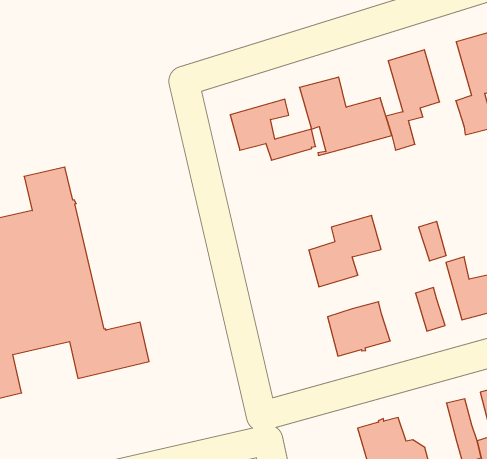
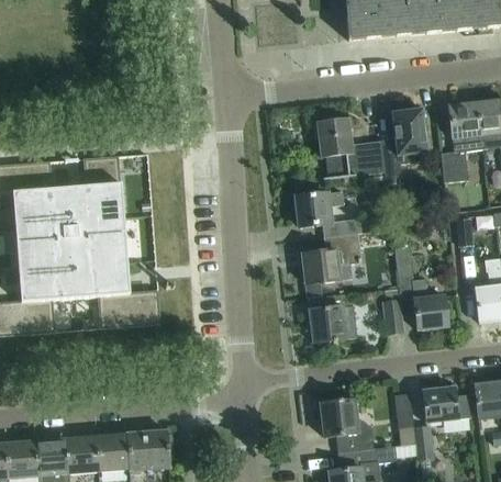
building: [230,99,316,160] -> [297,191,361,238]

